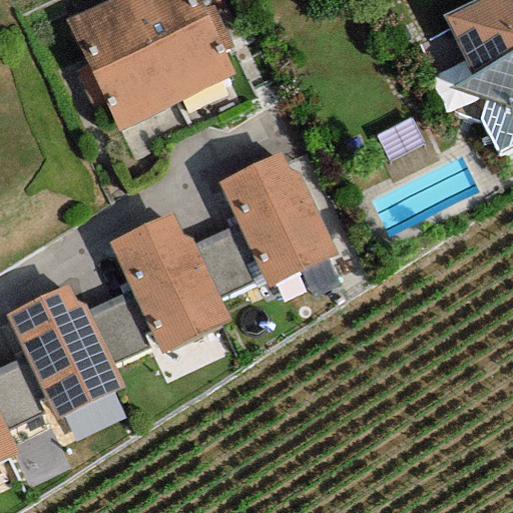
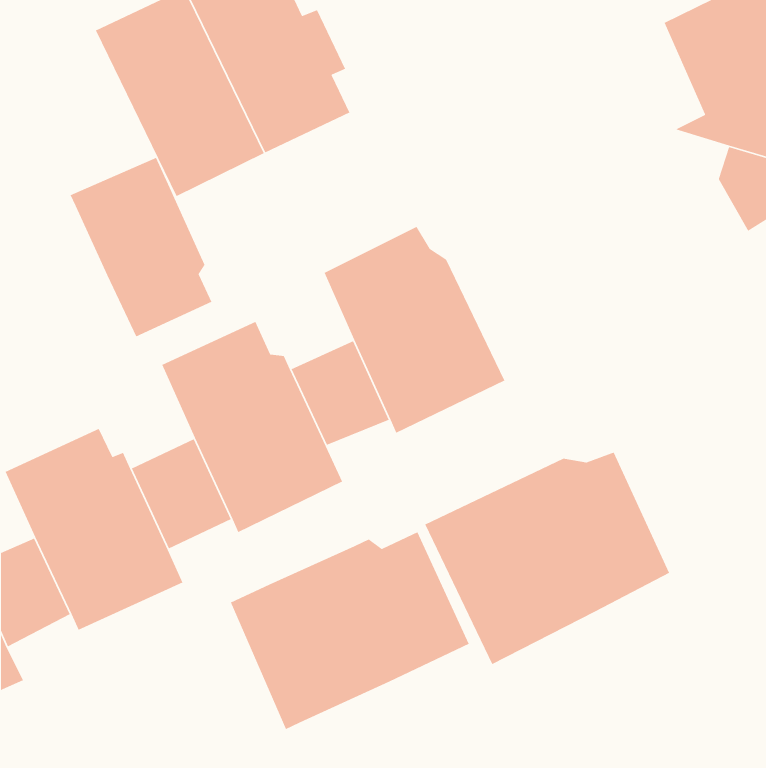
building: none -> [69,157,213,337]
building: none -> [424,452,670,665]
building: none -> [230,531,470,730]

